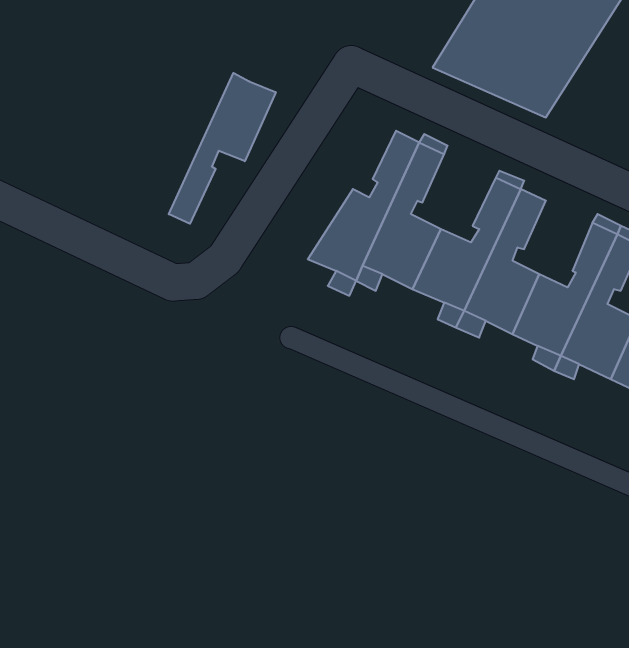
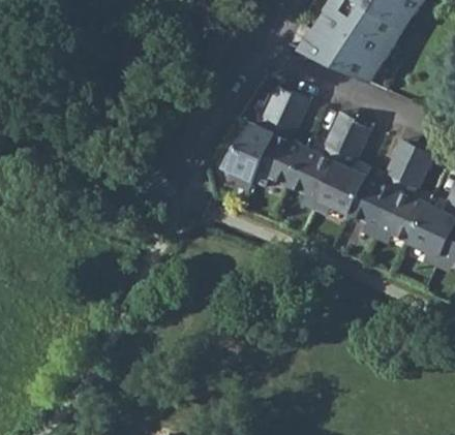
building: [169,73,276,224] -> none

